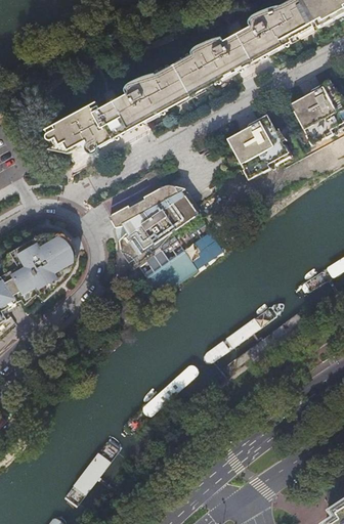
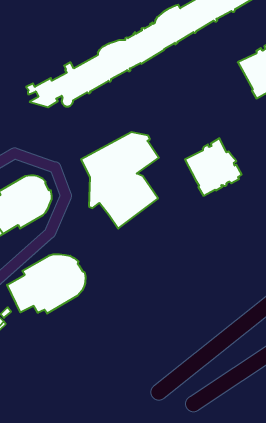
building: [225,112,291,178] -> [185,138,242,196]
building: none -> [7,254,85,314]

